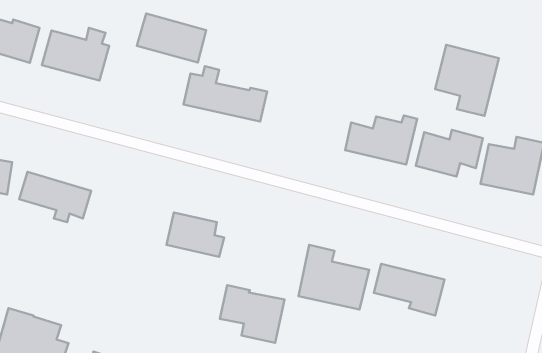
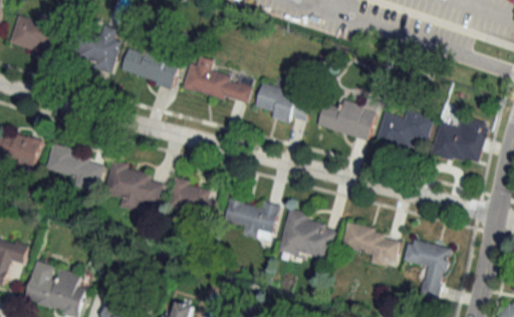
building: [137,13,206,63] -> [119,45,178,86]
building: [435,45,499,116] -> none
building: none -> [254,83,312,121]
building: none -> [104,164,162,212]
building: none -> [404,239,449,292]
building: [220,285,285,343] -> [224,194,278,242]

